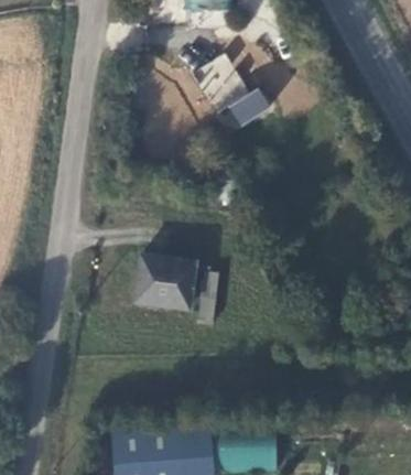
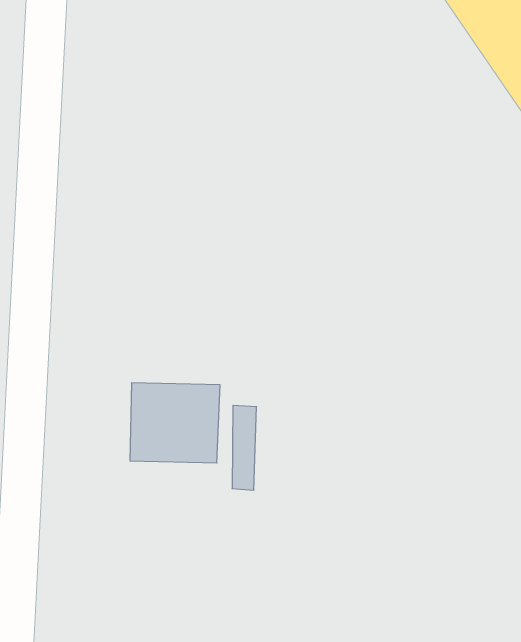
building: [199,55,260,118] -> none

